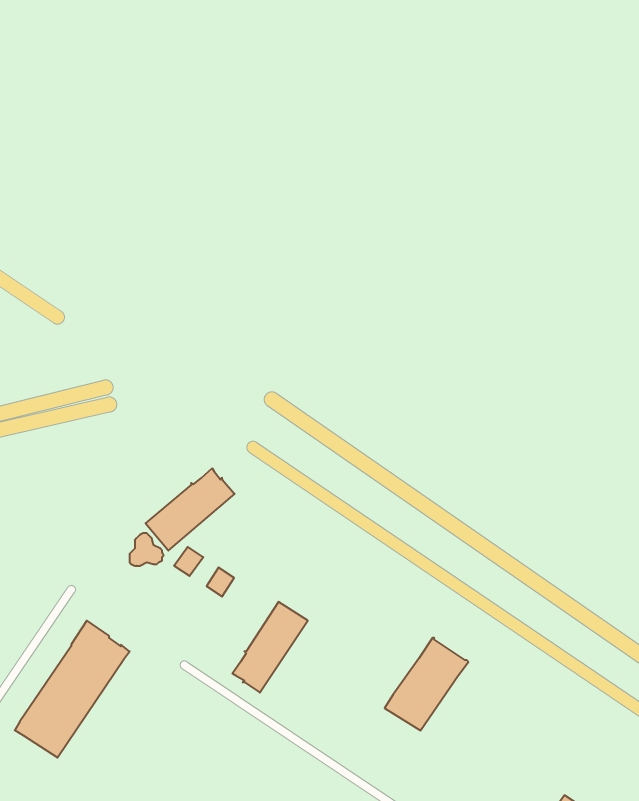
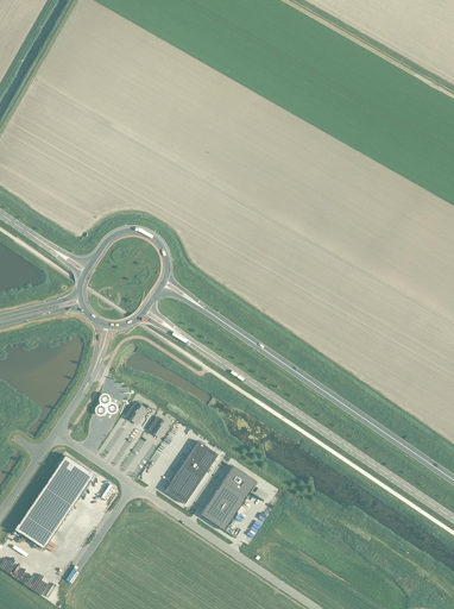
building: [146,468,235,551] -> none
building: [385,638,468,730] -> [198,466,257,530]

